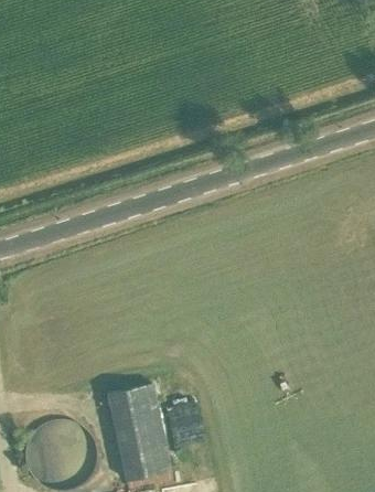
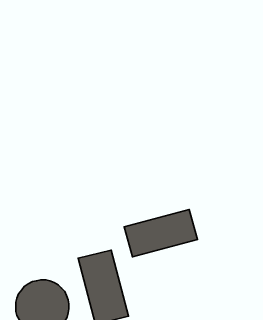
building: none -> [124,210,198,257]

